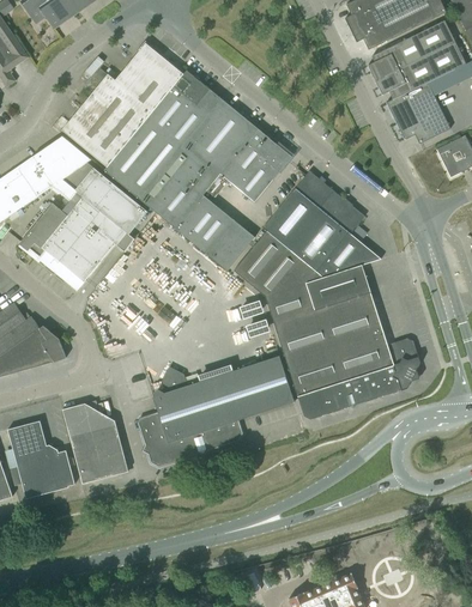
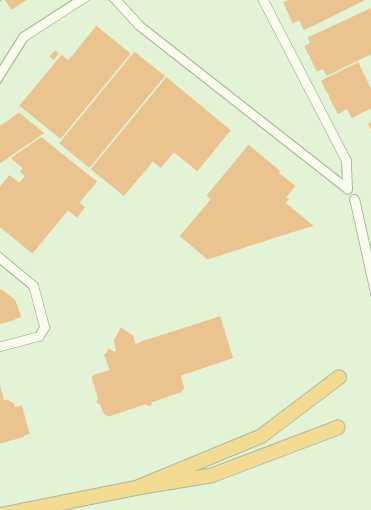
building: [175,195,254,271] -> none
building: [265,265,420,419] -> none
building: [62,400,128,482] -> none

